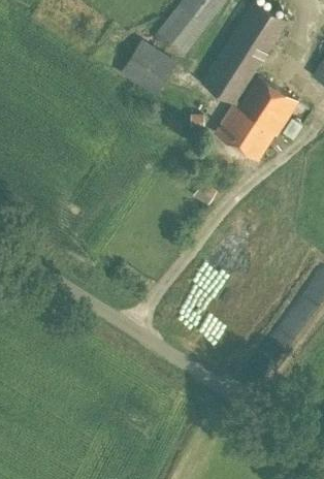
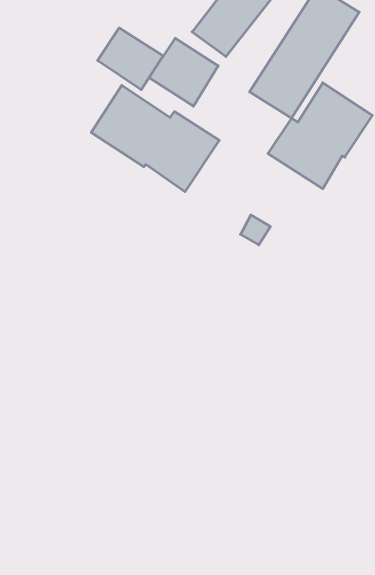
building: none -> [98,28,163,90]
building: none -> [91,85,219,192]

